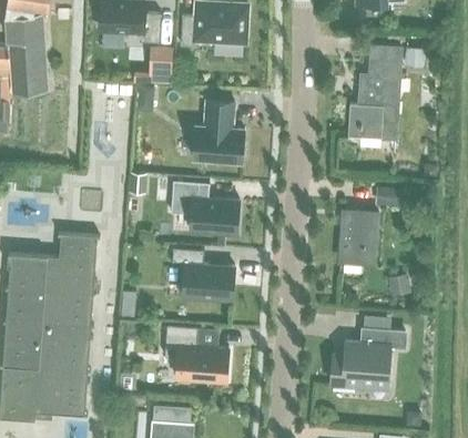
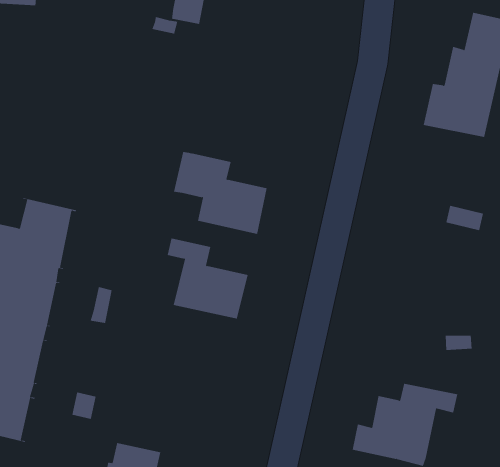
building: [190,100,244,162] -> none
building: [340,211,377,263] -> none
building: [164,325,228,383] -> none

